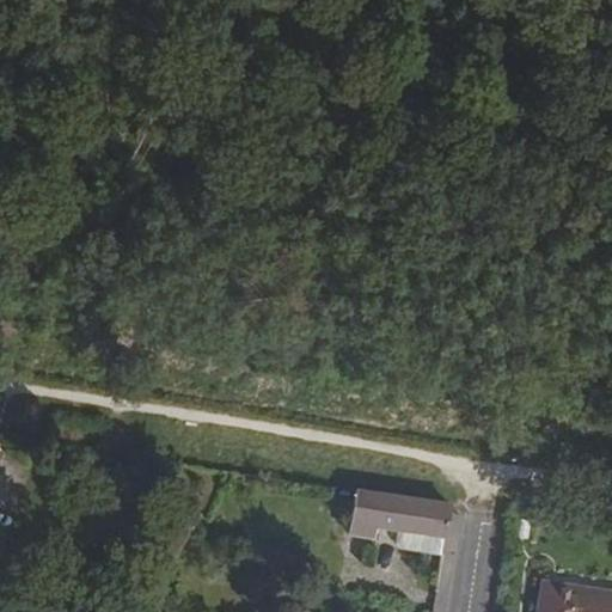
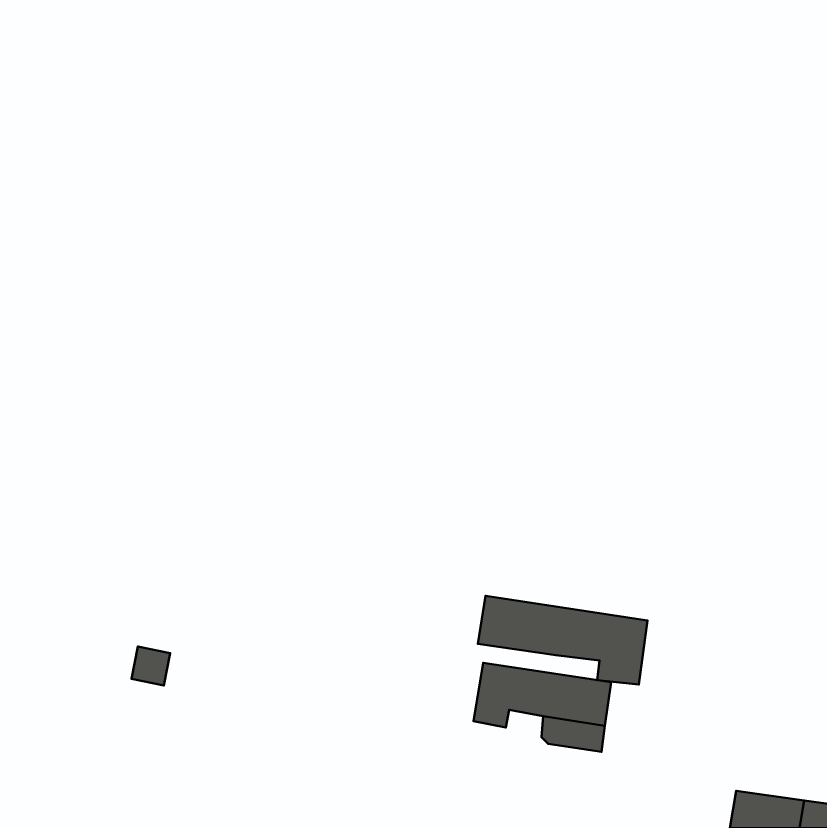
building: none -> [478,596,647,685]

